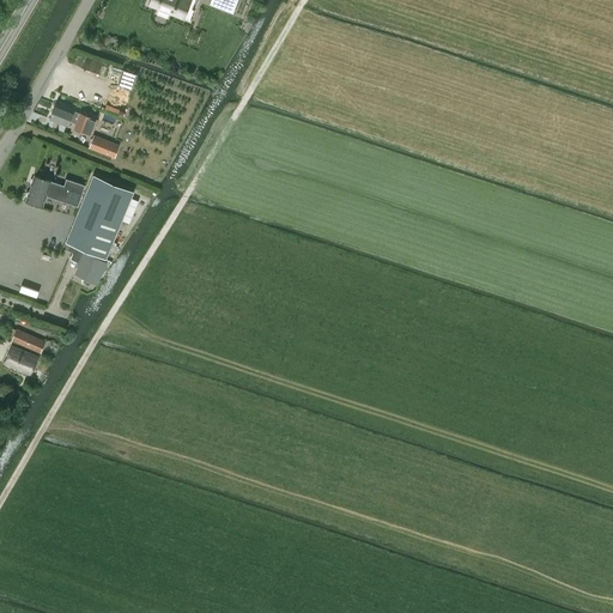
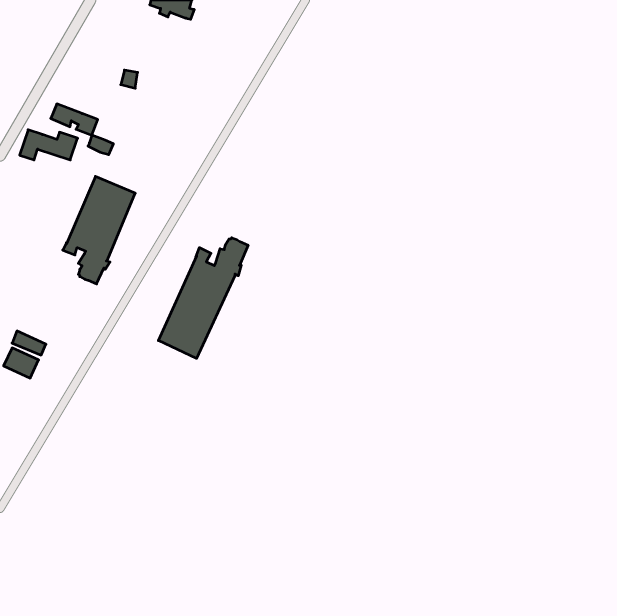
building: [26,176,84,206] -> [20,130,78,160]
building: none -> [158,238,248,358]

